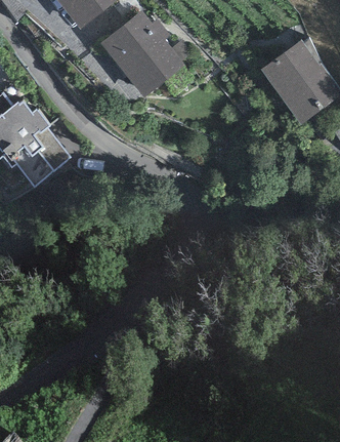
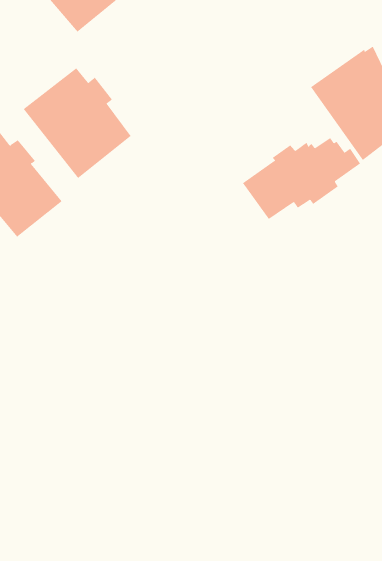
building: [101,11,184,96] -> [23,67,131,179]
building: none -> [242,137,361,220]

